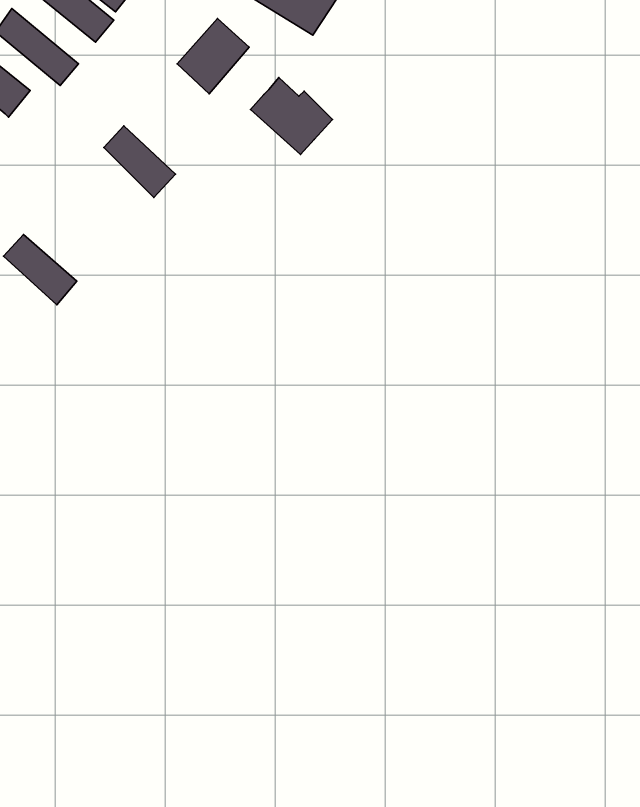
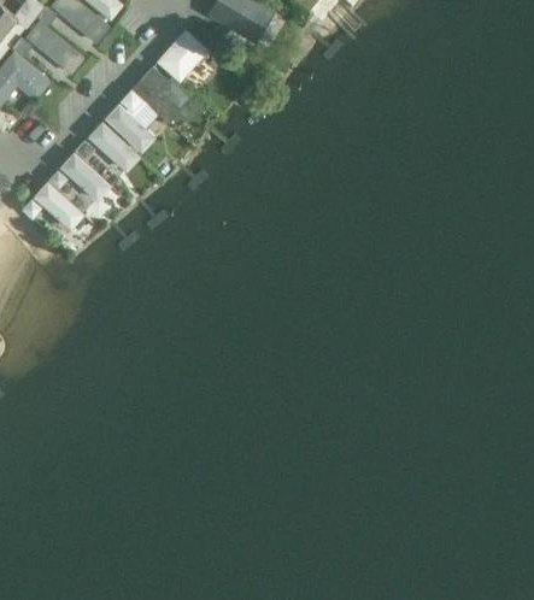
building: [250,78,332,155] -> [133,64,192,119]
building: none -> [86,123,140,175]
building: none -> [58,154,110,204]

